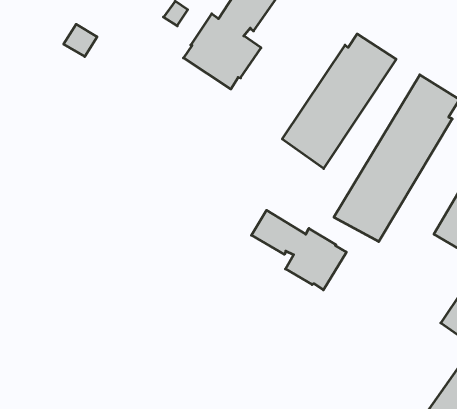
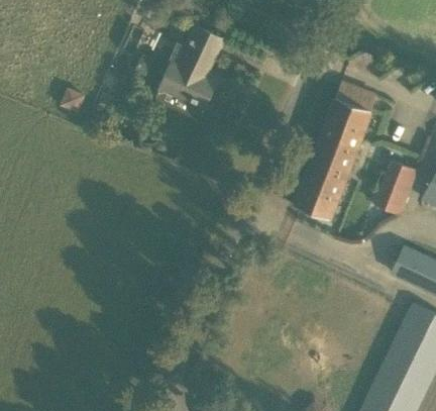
building: [282,34,396,169] -> none
building: [251,210,346,290] -> none

